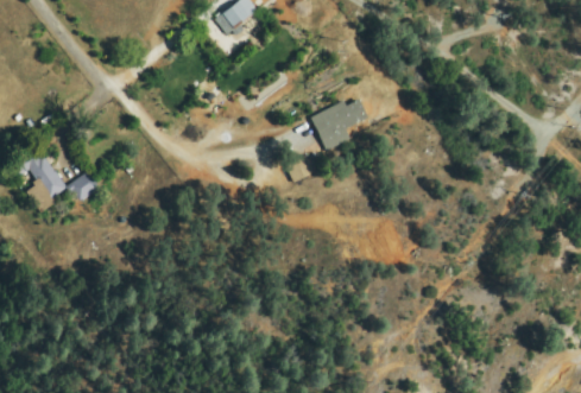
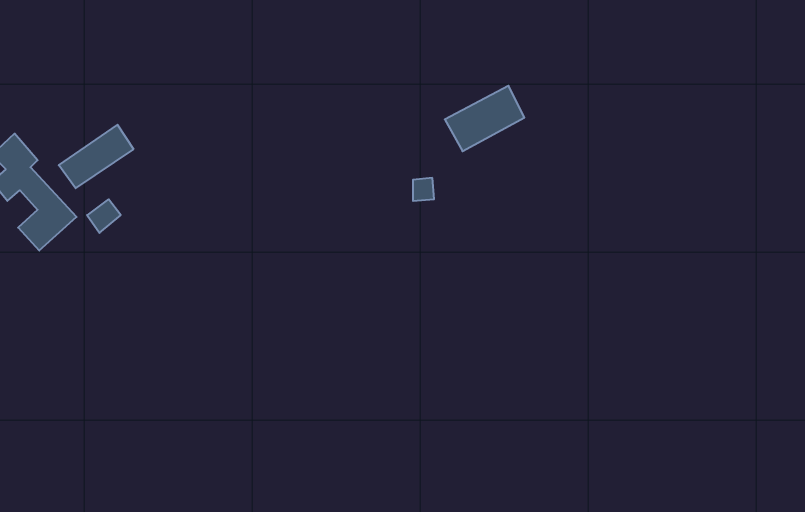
building: none -> [59,125,133,188]

